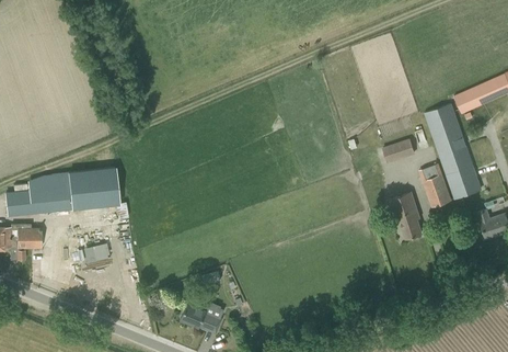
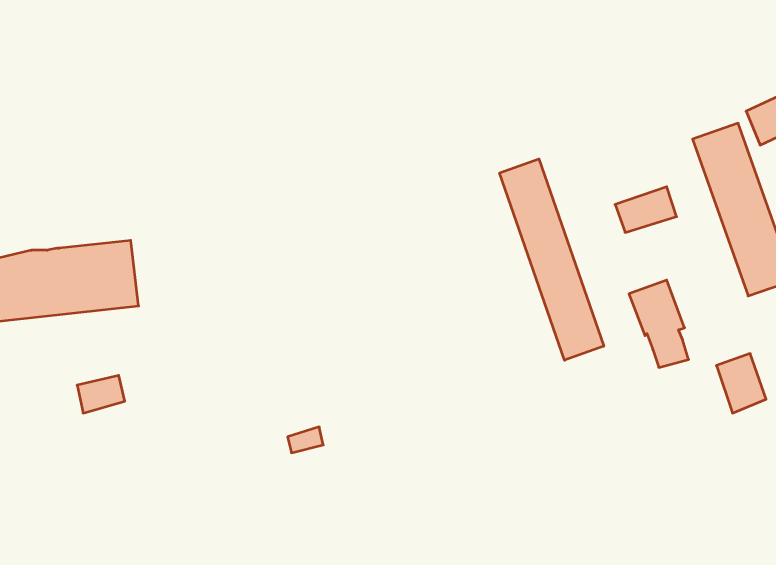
building: none -> [500,159,604,360]
building: [423,174,450,207] -> [716,354,766,413]
building: [178,305,220,333] -> none

